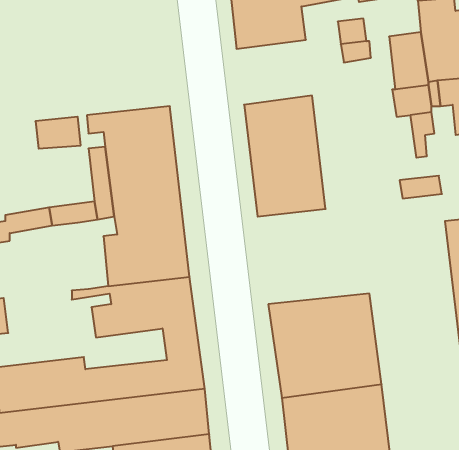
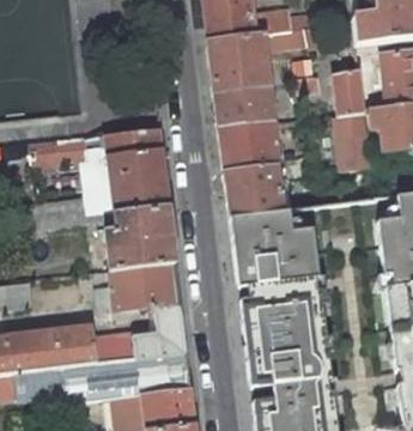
building: none -> [213,74,273,126]
building: none -> [230,207,318,284]

